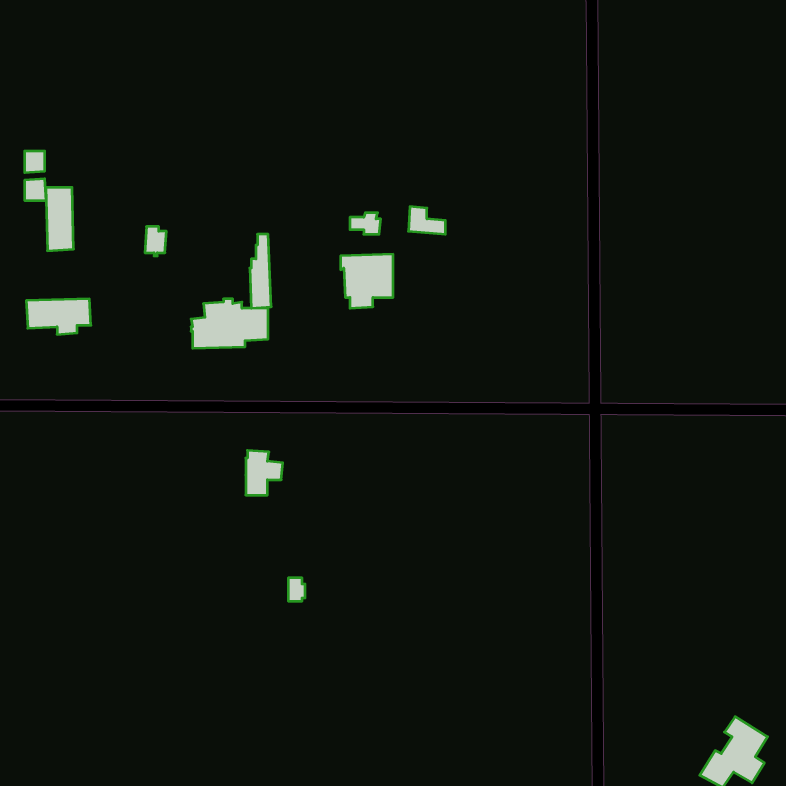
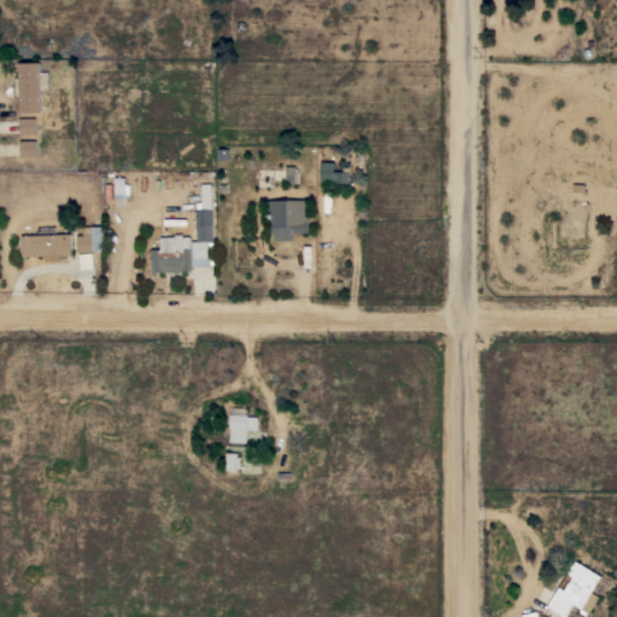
building: [46,187,74,251] -> [18,64,40,113]
building: none -> [76,227,102,253]
building: [246,450,283,495] -> [229,409,258,443]

